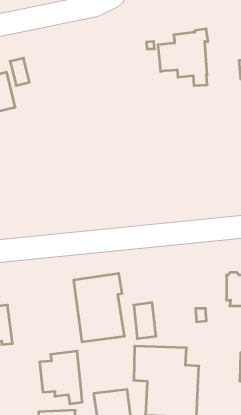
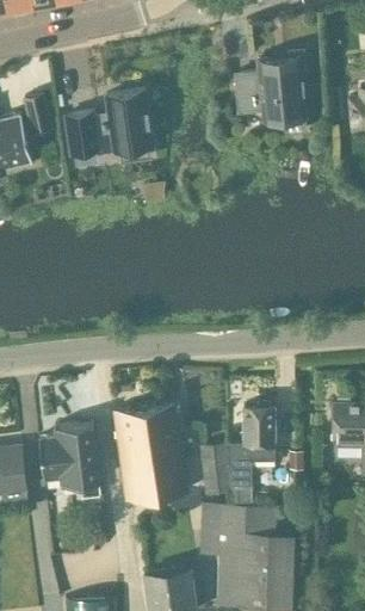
building: none -> [62,92,150,166]
building: none -> [228,407,274,486]
building: [40,351,82,404] -> [38,424,99,499]

